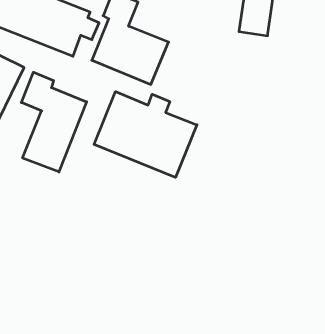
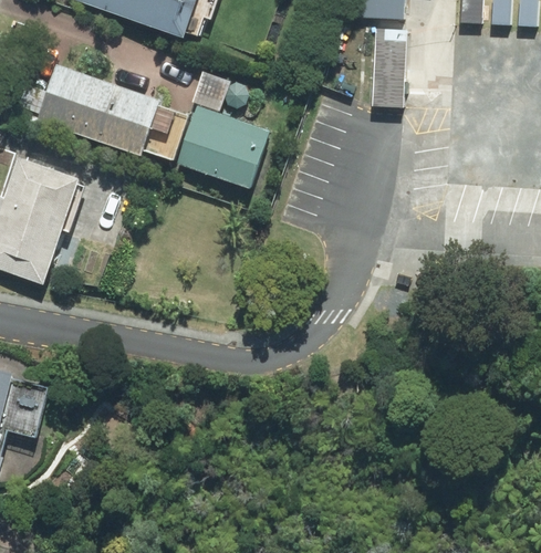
building: [21,72,87,172] -> none
building: [94,92,197,177] -> none

